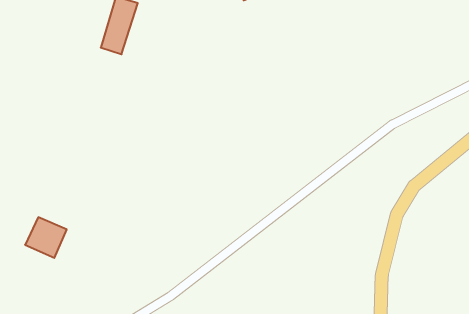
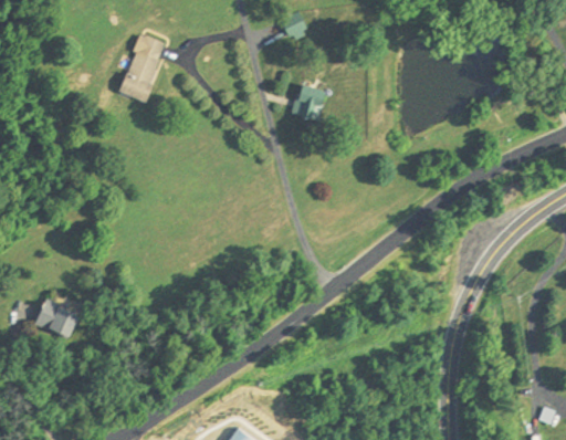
building: none -> [293,85,326,122]

